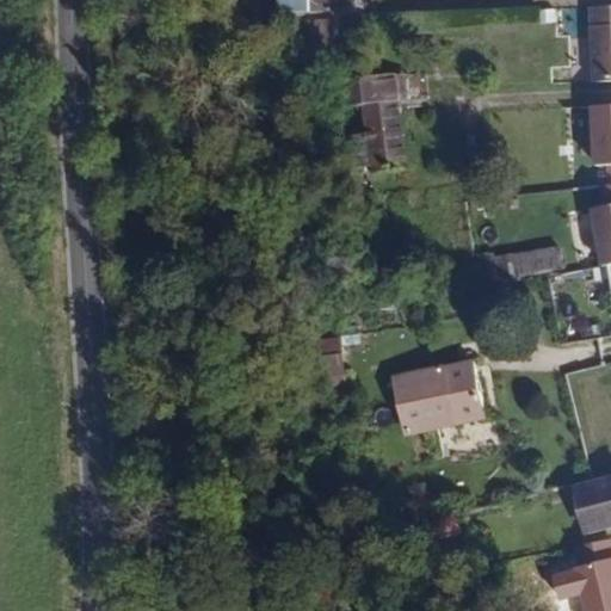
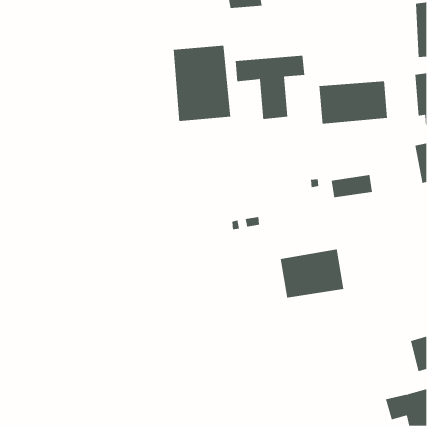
building: none -> [173,45,231,122]
building: none -> [319,80,388,124]

